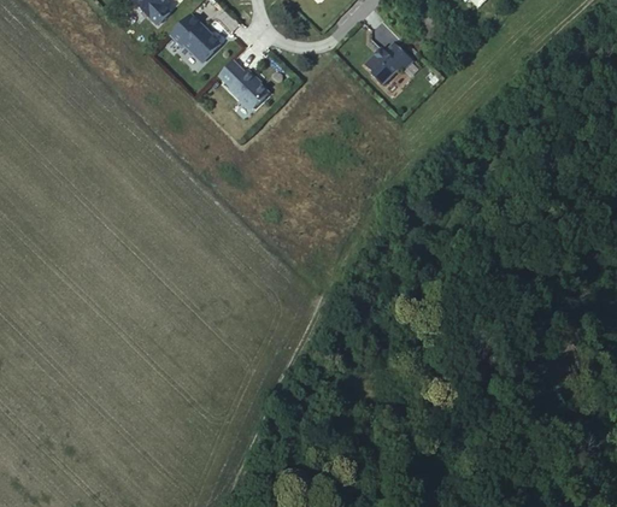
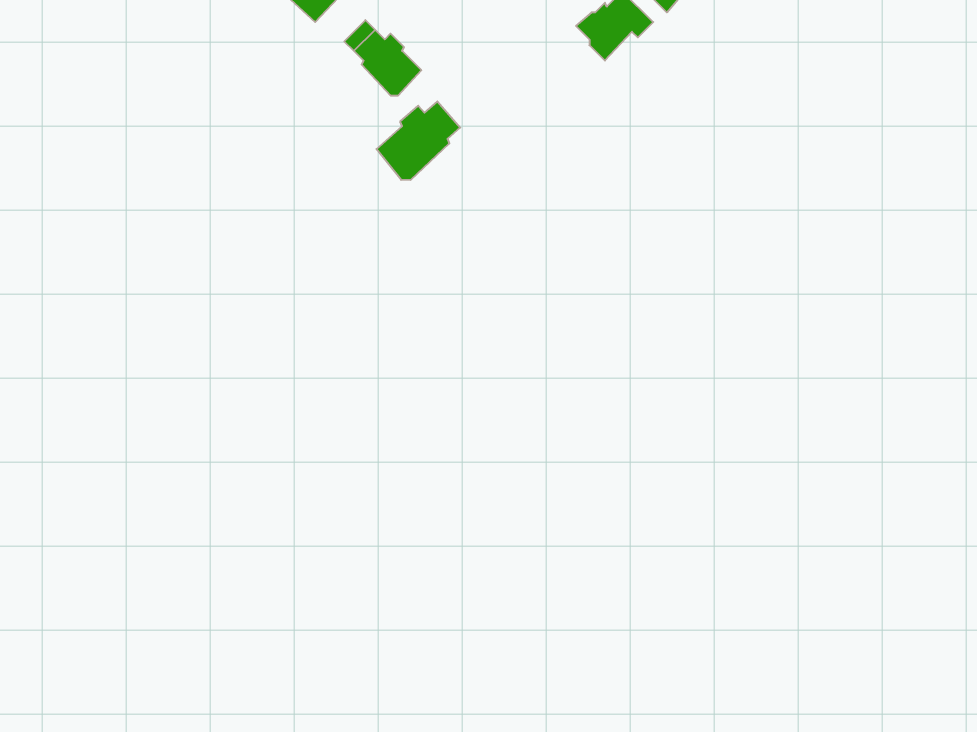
building: none -> [376,101,460,180]

